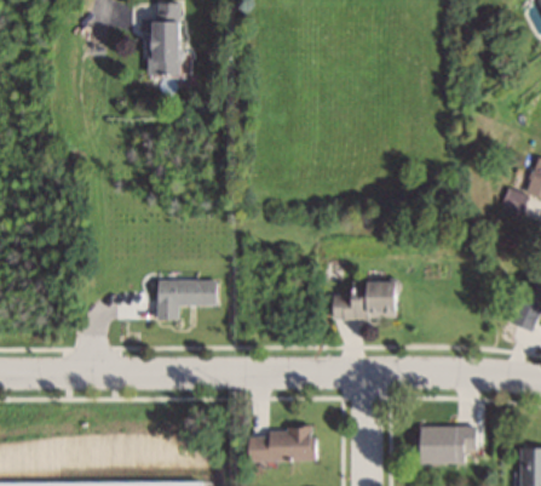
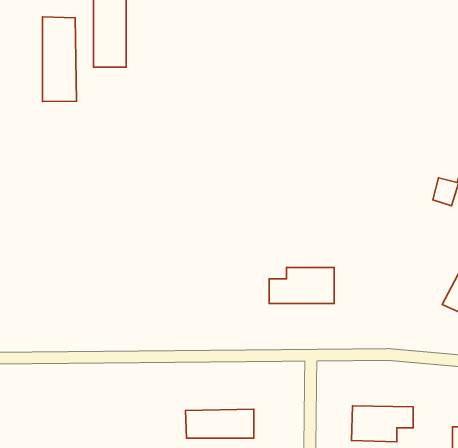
building: none -> [42,17,76,102]
building: [156,280,221,320] -> none

